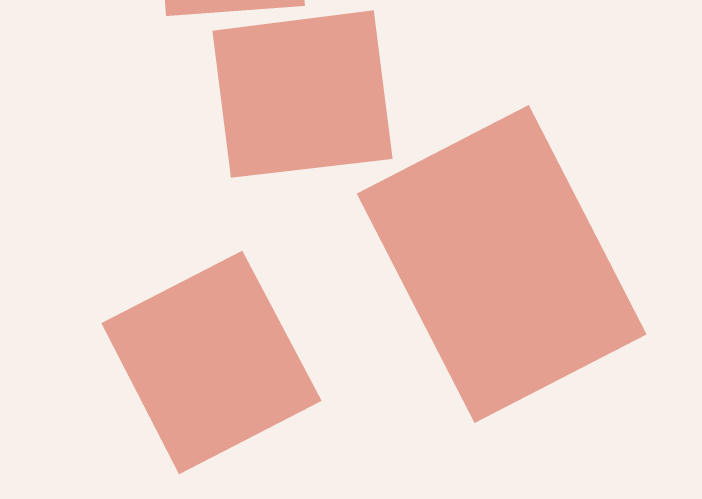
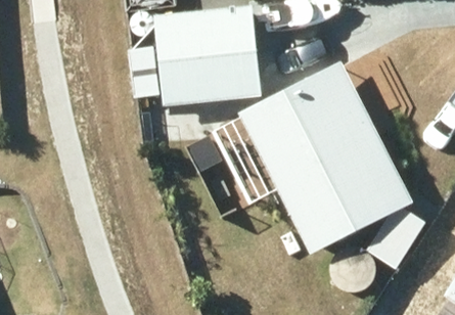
building: [100,250,323,475] -> none

